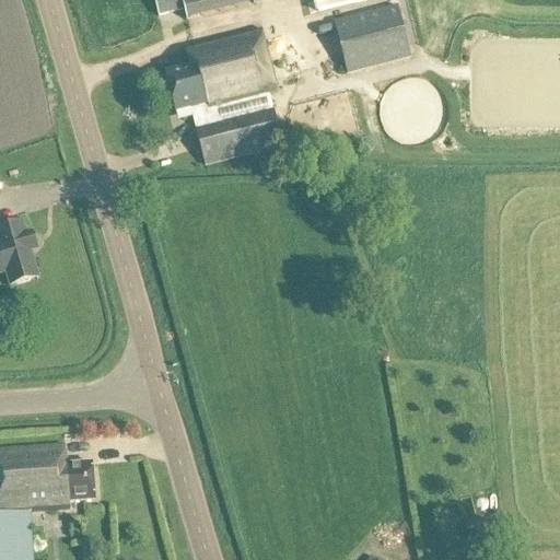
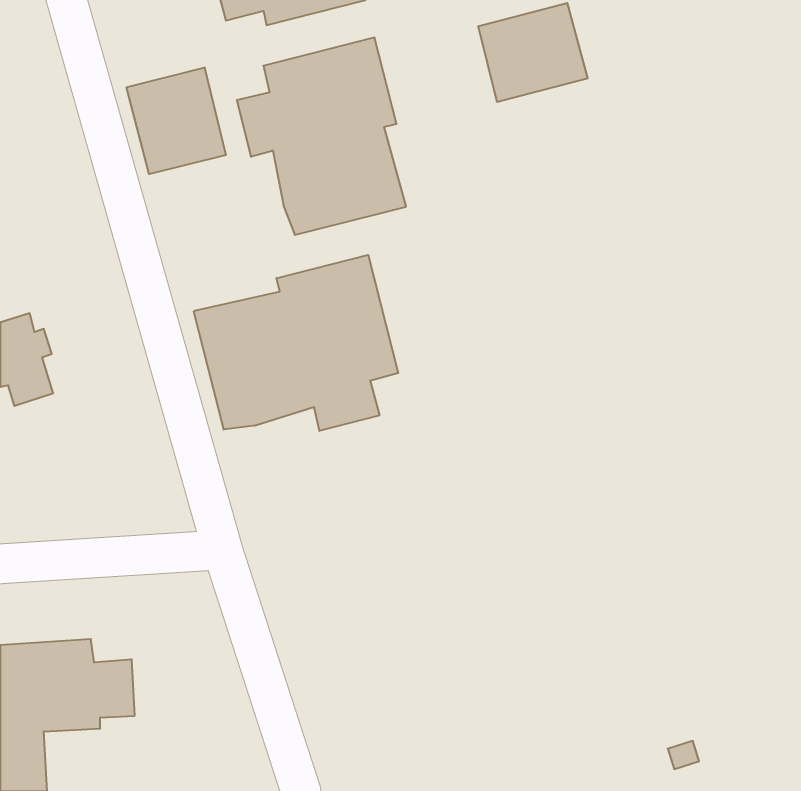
building: none -> [127,67,226,174]
building: none -> [194,255,398,431]

